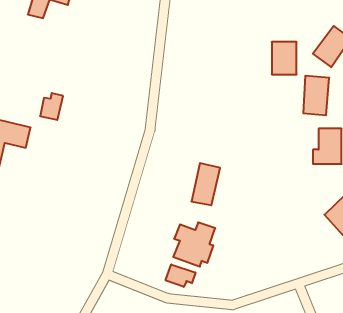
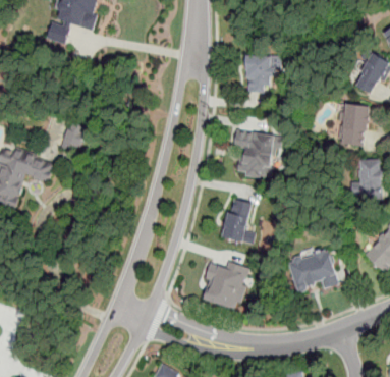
building: [272,42,297,74] -> [245,57,272,92]
building: none -> [233,127,278,178]
building: none -> [287,249,337,293]
building: [166,264,195,287] -> none

